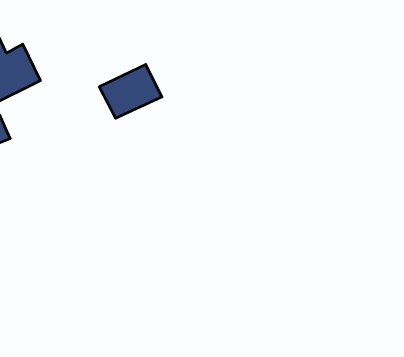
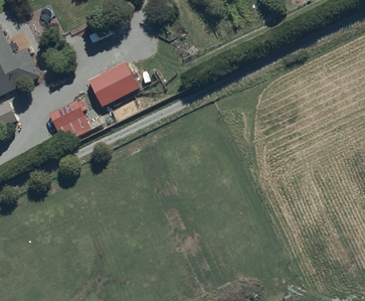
building: none -> [49,103,103,145]

